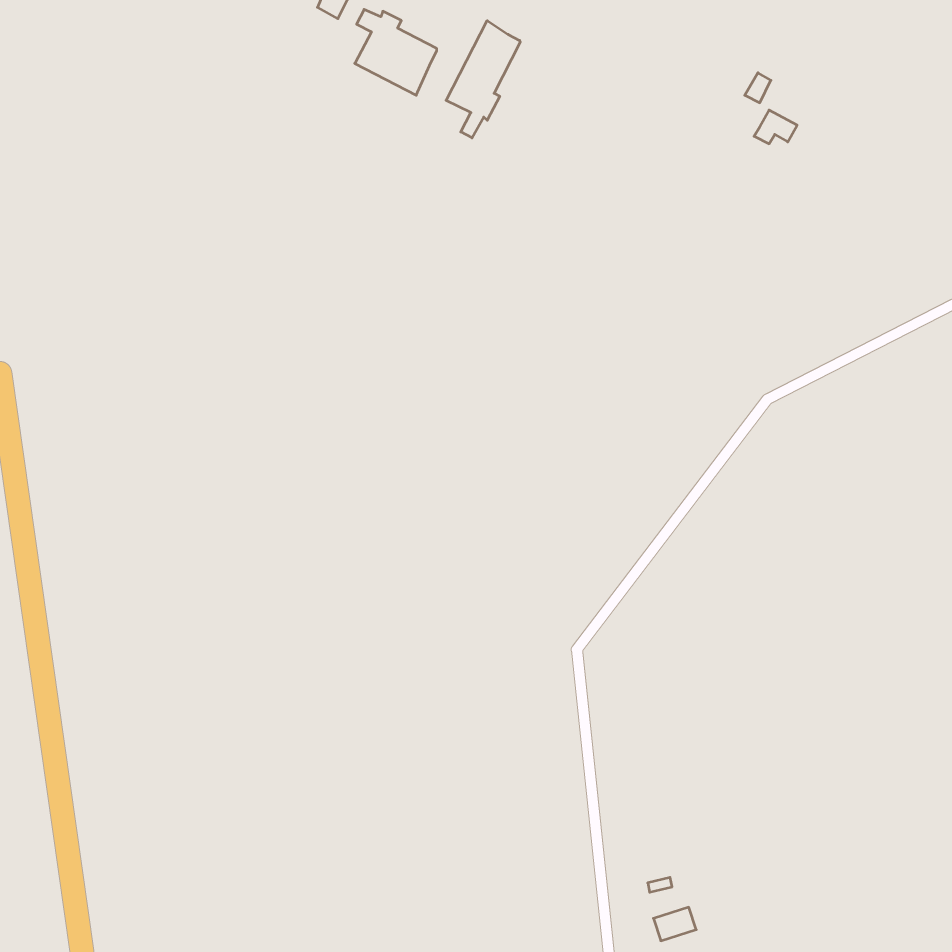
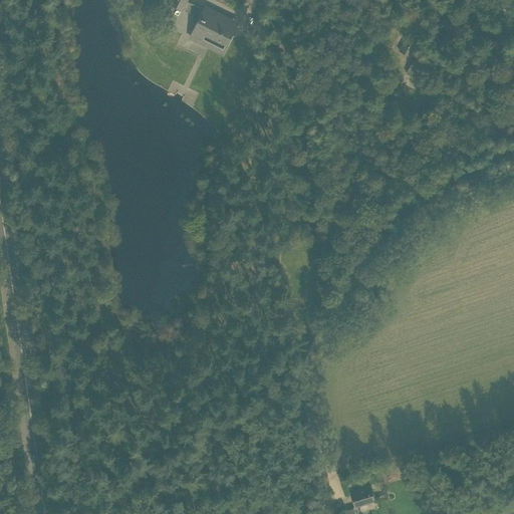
building: [446,21,520,138] -> none

